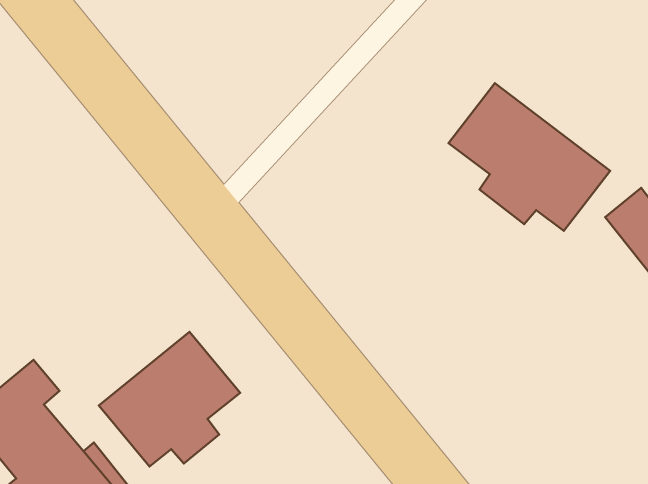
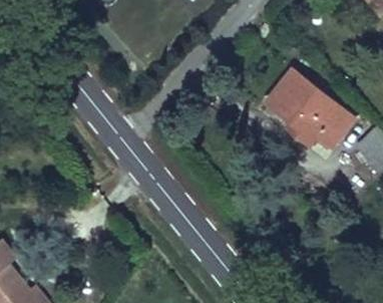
building: [99,332,240,467] -> none

